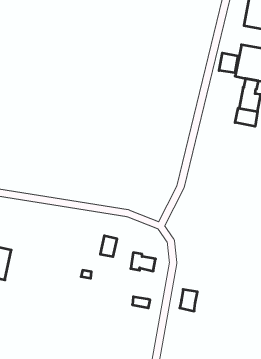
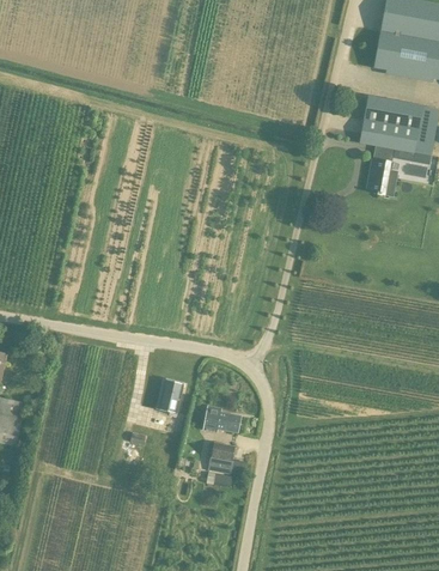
building: [219,53,238,73] -> none
building: [235,108,257,126] -> none
building: [180,289,197,311] -> [208,442,234,474]

